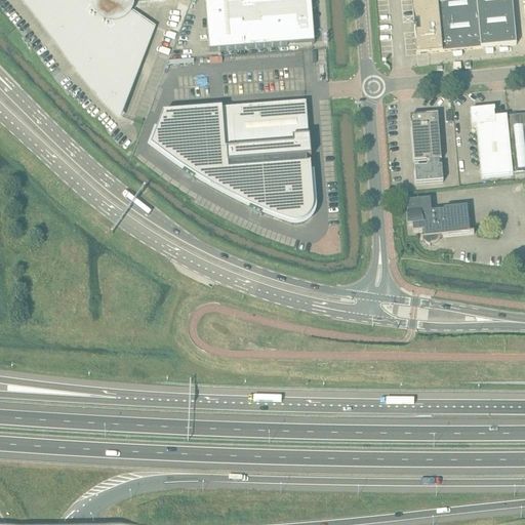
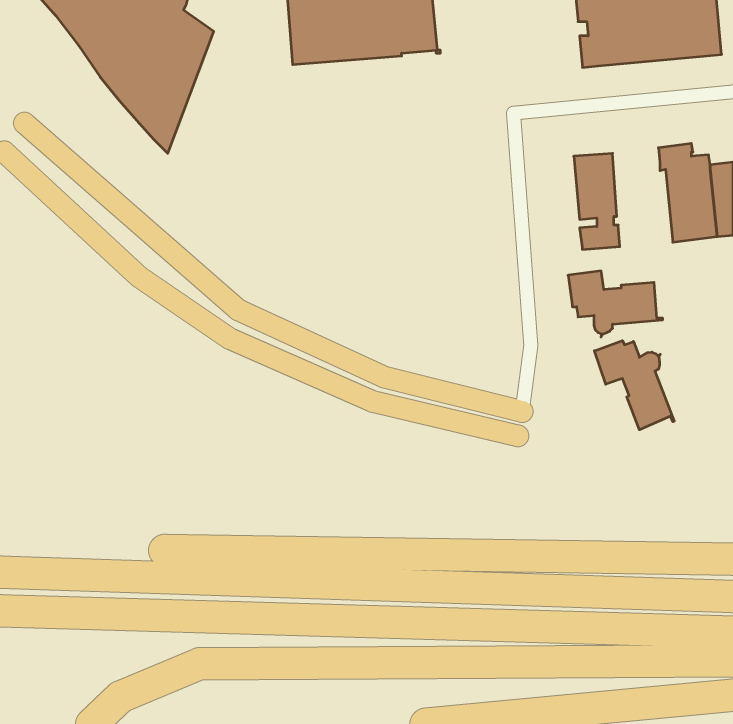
building: [151,97,314,219] -> none
building: none -> [594,341,674,430]

